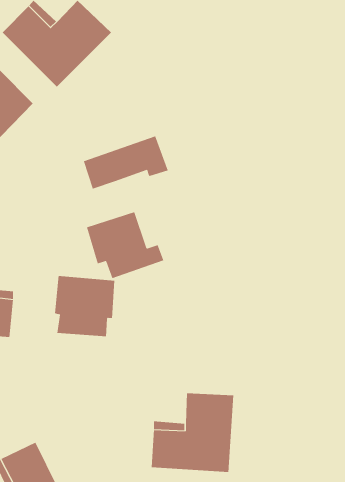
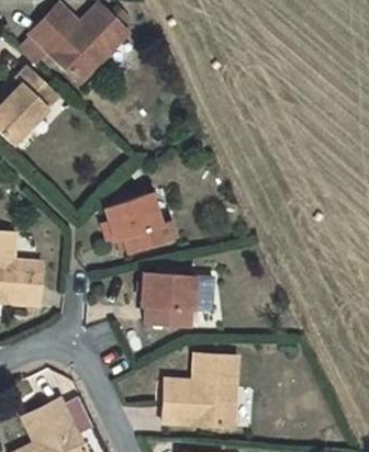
building: [83,136,168,189] -> none
building: [54,276,115,337] -> [141,272,195,327]

